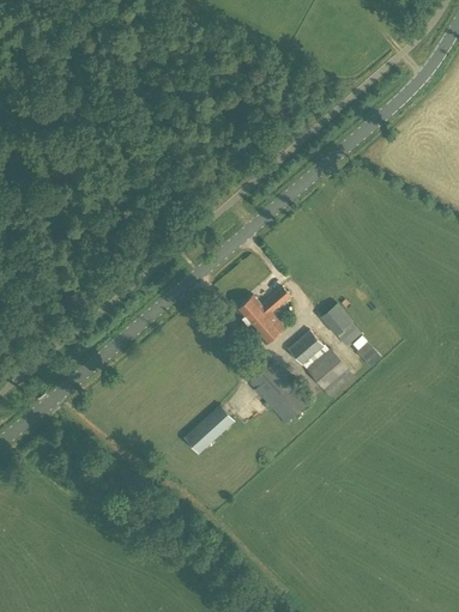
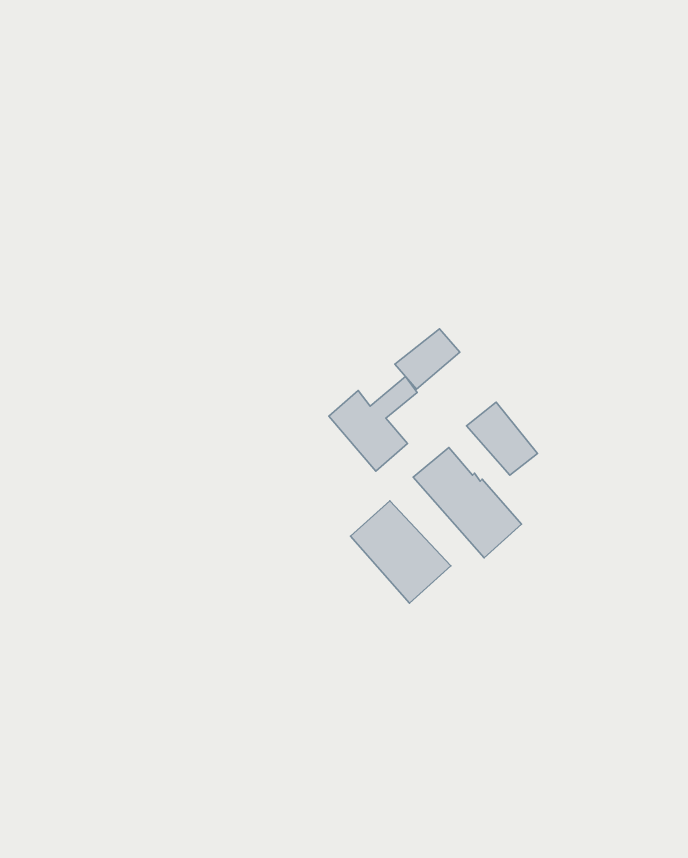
building: none -> [395,329,460,389]
building: [183,405,235,454] -> none

